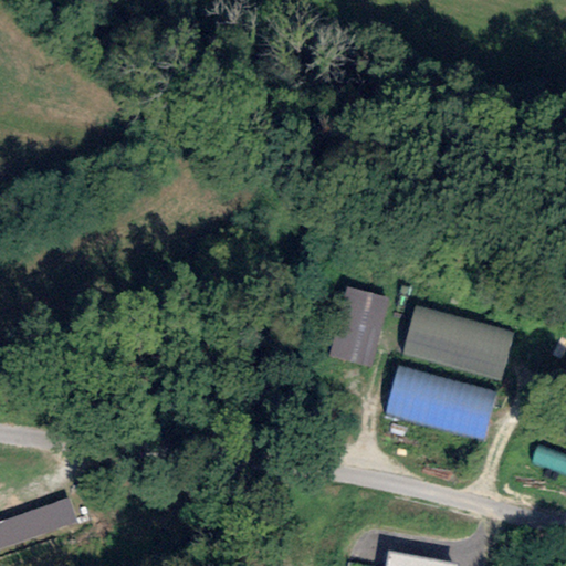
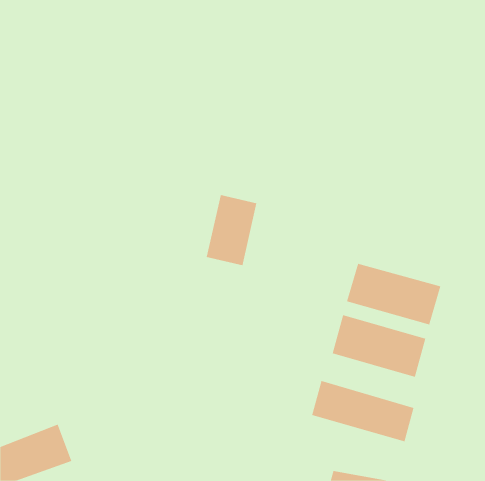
building: [328,285,388,368] -> [206,195,257,266]
building: none -> [311,380,414,442]

